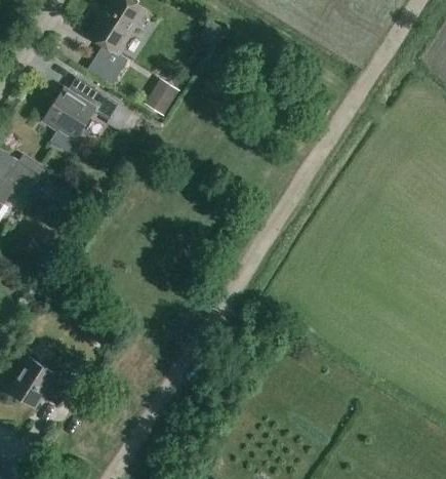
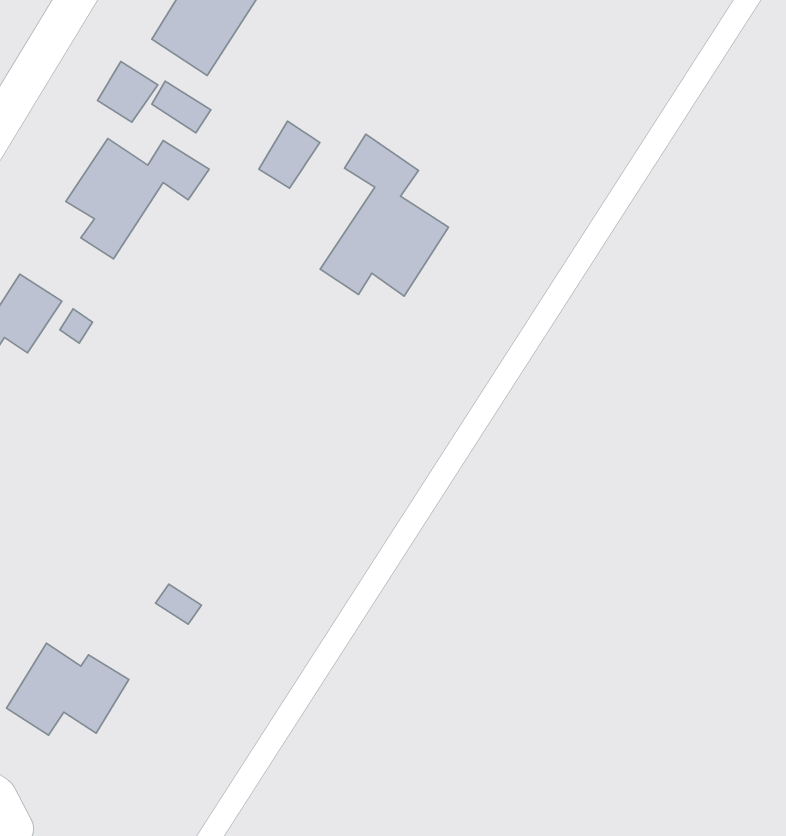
building: none -> [98,62,158,122]
building: none -> [320,134,449,296]

